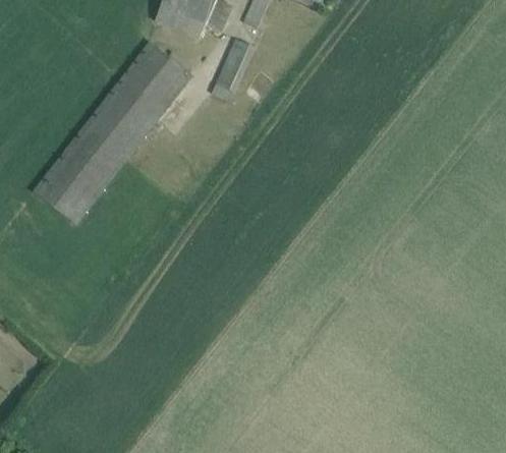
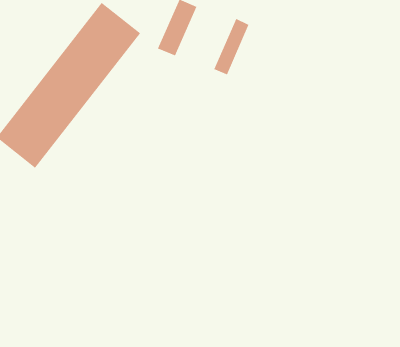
building: none -> [213,18,249,75]

